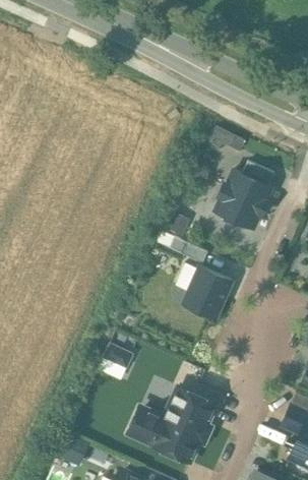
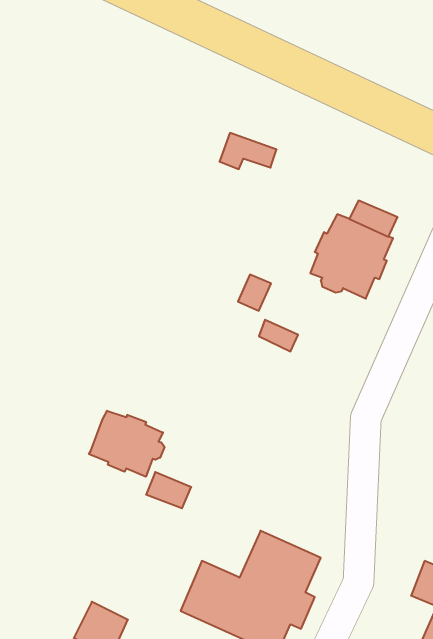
building: [204,126,243,151] -> [219,133,277,169]
building: [181,267,230,319] -> none
building: none -> [89,411,165,477]

